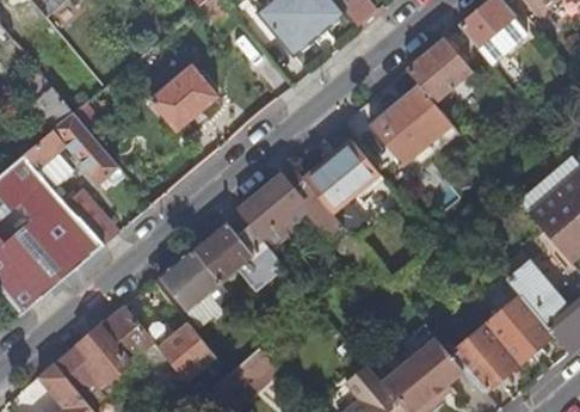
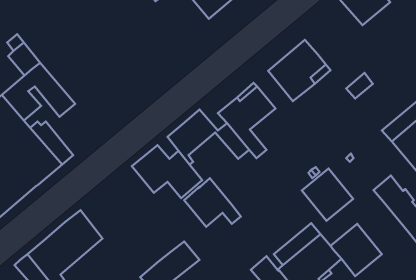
building: [407,38,470,102] -> none
building: [150,64,218,130] -> none
building: [159,247,233,310] -> [184,178,241,227]
building: [486,294,553,362] -> [302,169,353,221]
building: [159,322,214,380] -> none

